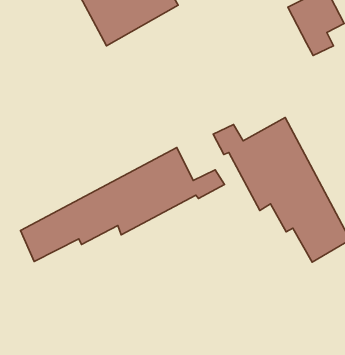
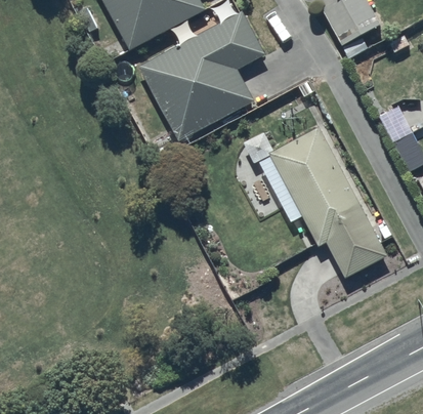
building: none -> [139,10,264,140]
building: [20,147,224,262] -> none

